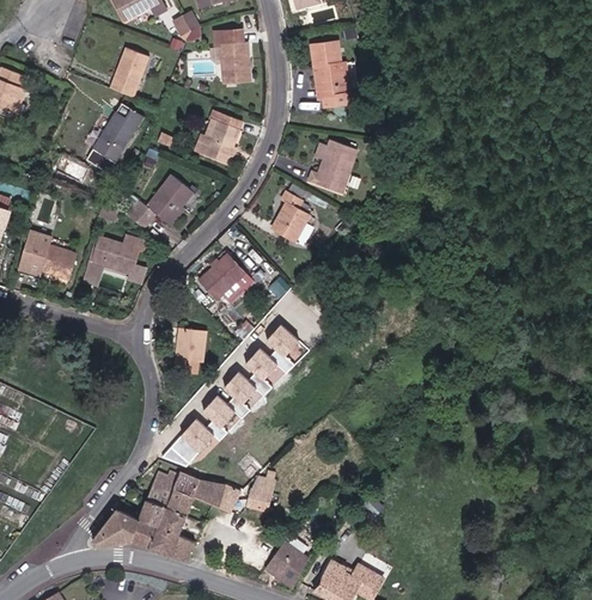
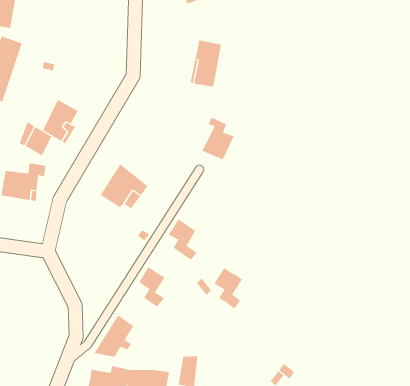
building: [195,103,242,154] -> none
building: [270,194,309,243] -> [202,117,234,160]
building: [172,327,202,361] -> none
building: [244,350,276,398] -> [214,267,243,310]
building: [202,397,232,441] -> none

